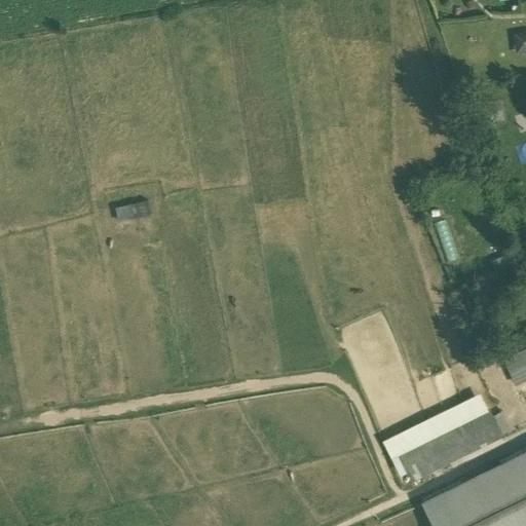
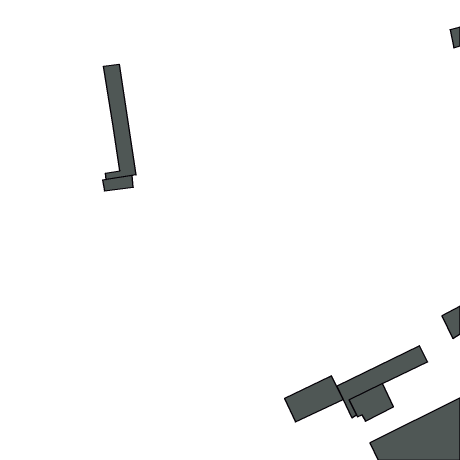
building: none -> [104,64,136,180]
building: [437,412,503,464] -> [285,376,343,422]

